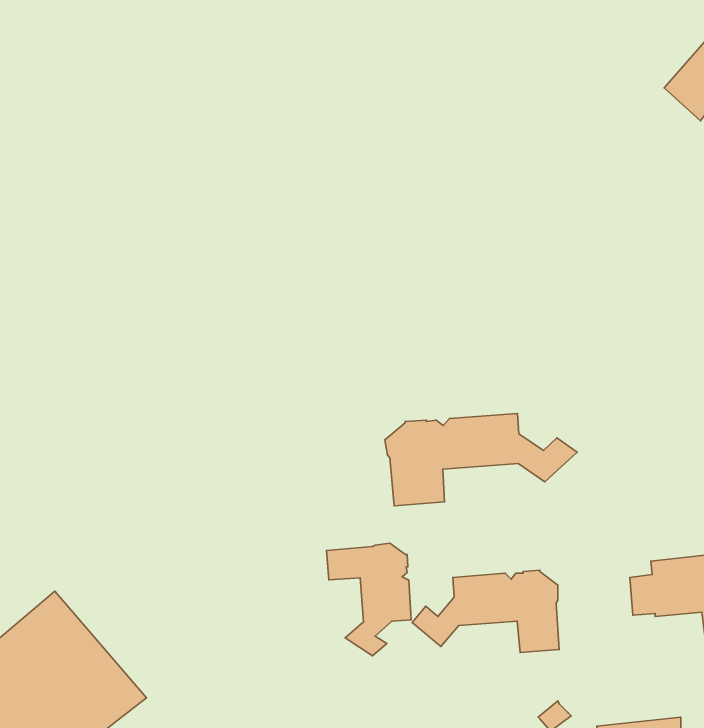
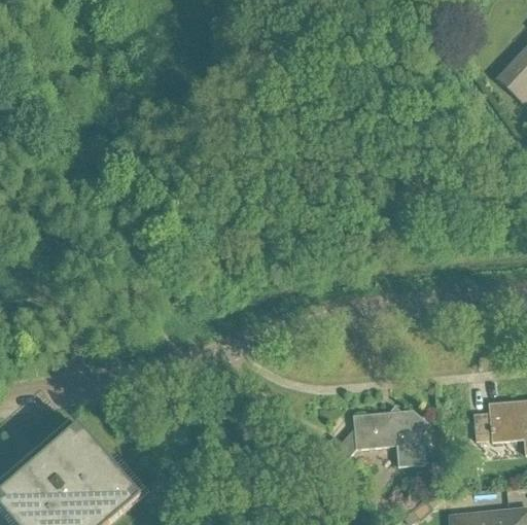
building: [385,414,577,506] -> none
building: [327,543,411,656] -> none

